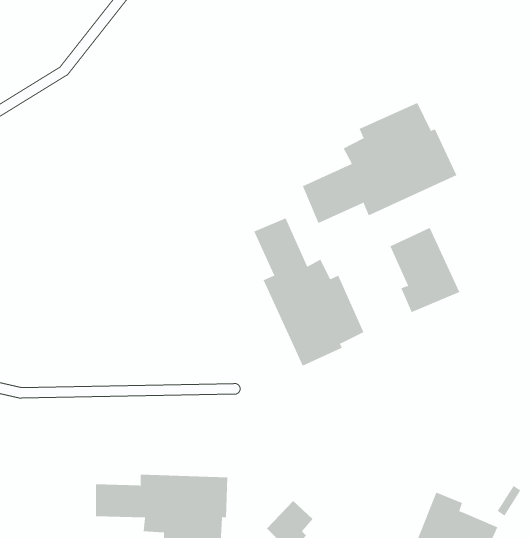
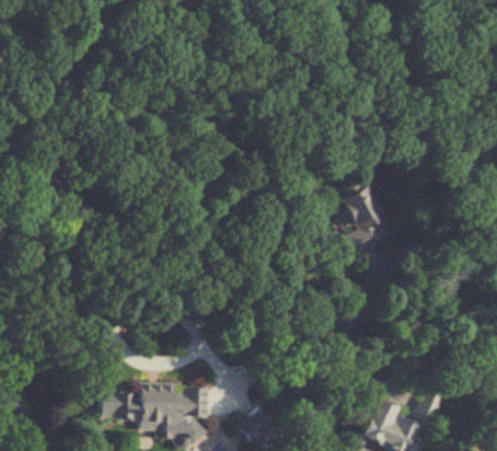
building: [302,102,457,224] -> none
building: [254,218,364,367] -> none

